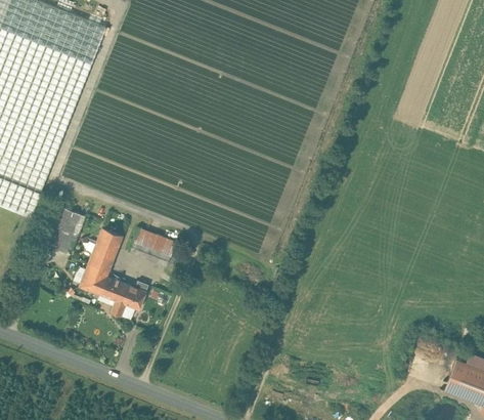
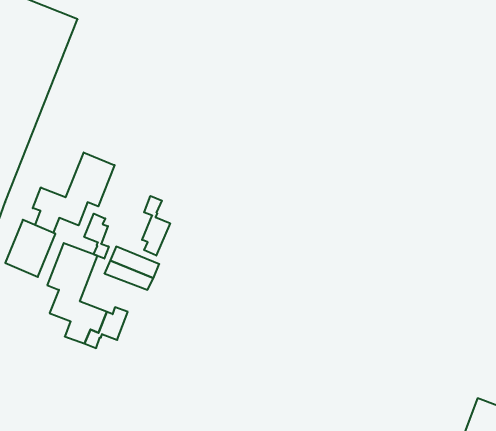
building: none -> [33,152,115,233]
building: none -> [142,196,170,256]
building: none -> [84,214,109,259]

